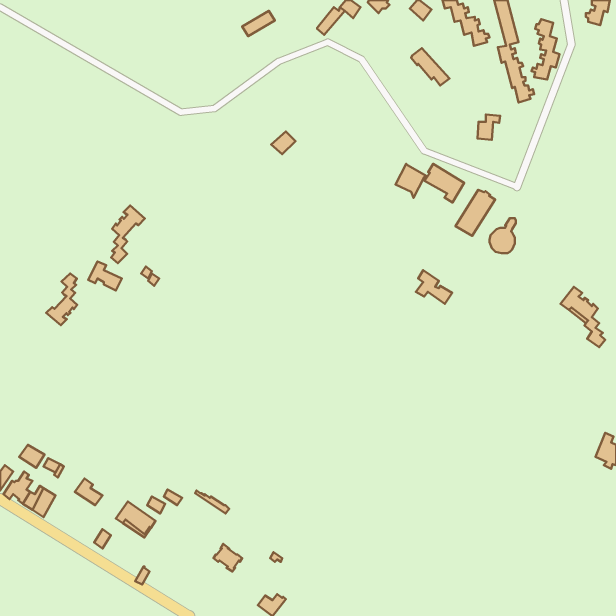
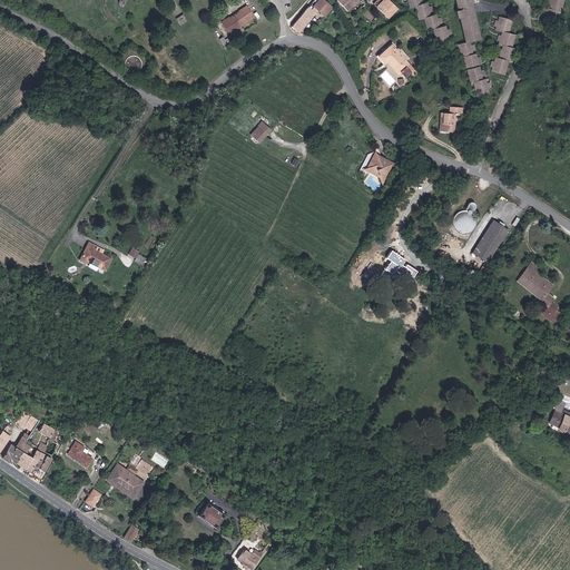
building: [425,164,464,203] -> none
building: [455,190,495,236] -> [472,219,509,262]
building: [111,206,145,263] -> none
building: [46,273,77,325] -> none

